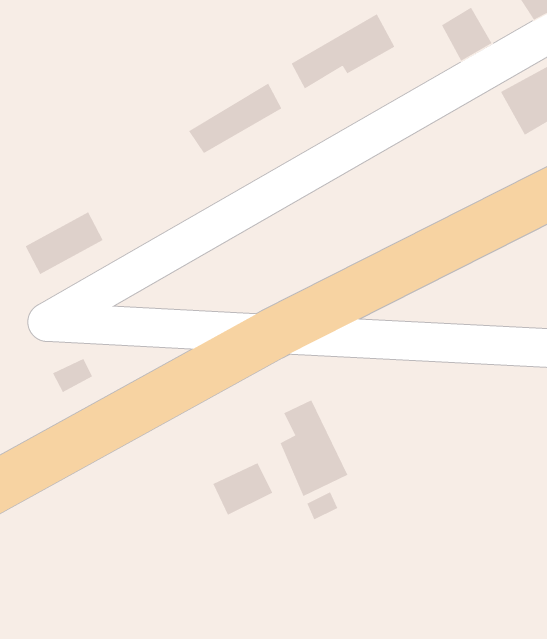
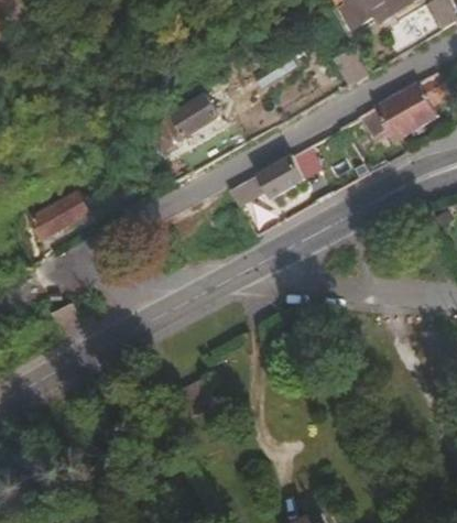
building: [291,14,395,89] -> [231,153,307,208]
building: [280,400,348,497] -> none

